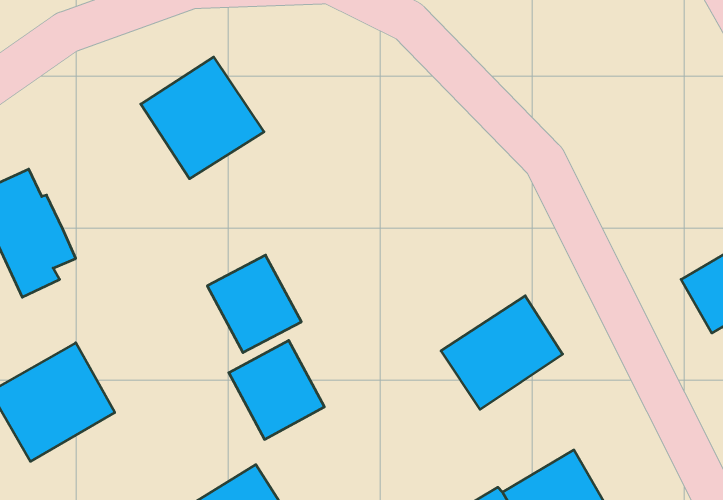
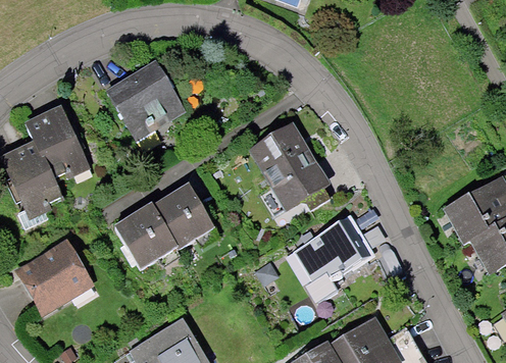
building: none -> [28,101,95,175]
building: none -> [248,124,328,210]
building: [229,340,324,439] -> [111,209,171,271]

